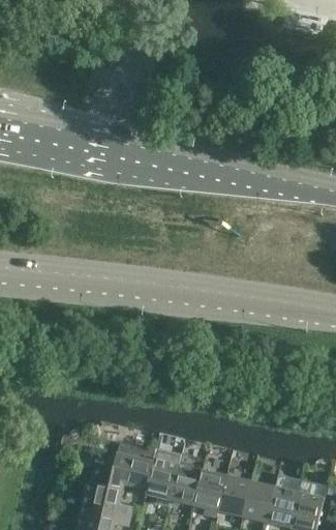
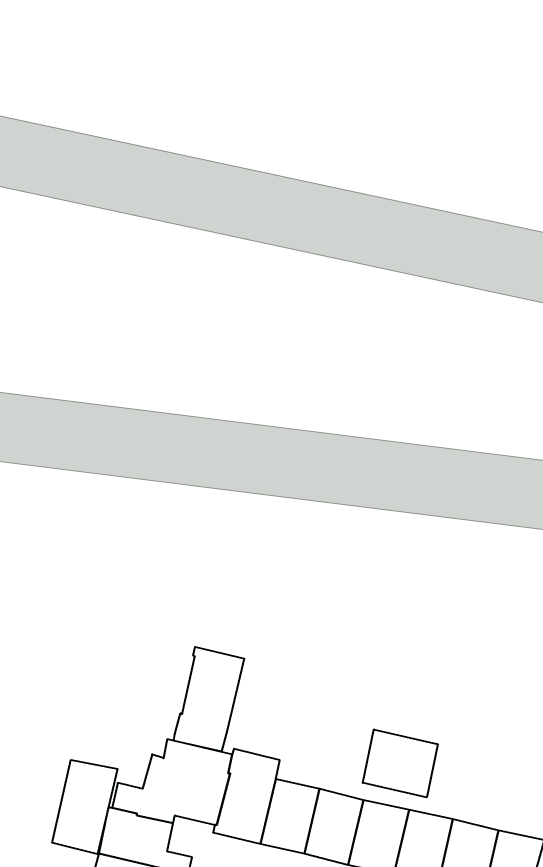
building: none -> [174,647,244,751]
building: none -> [363,729,438,797]
building: none -> [52,760,117,854]

